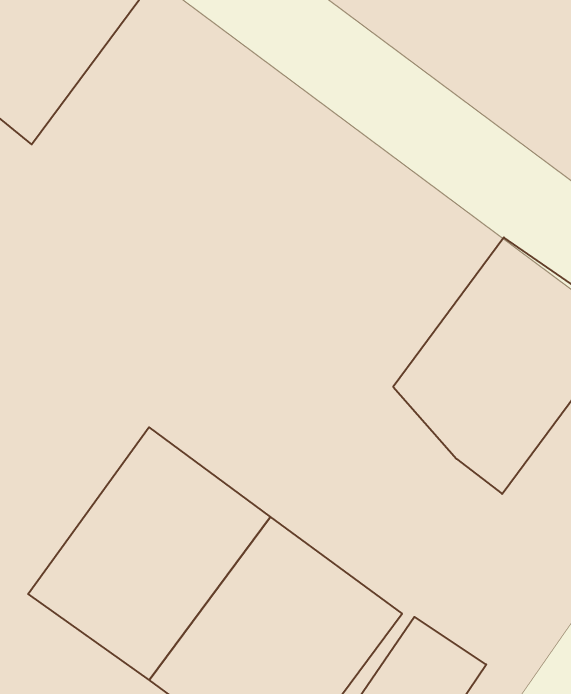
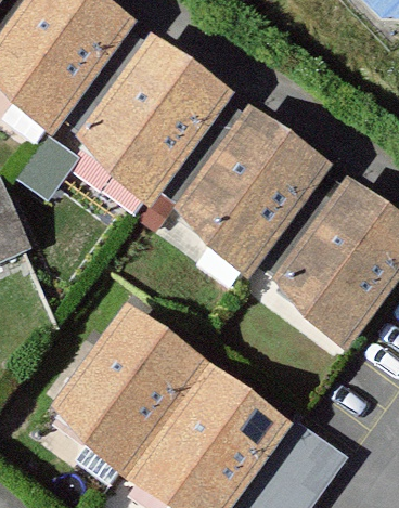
building: none -> [82,48,229,206]
building: none -> [178,118,323,276]

